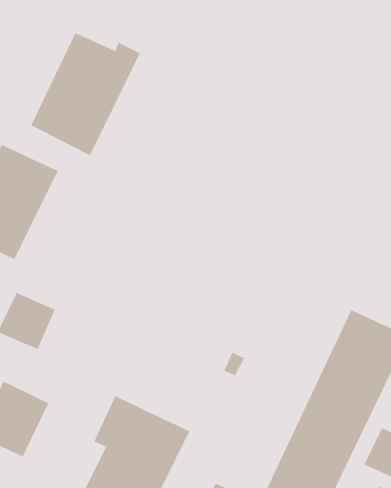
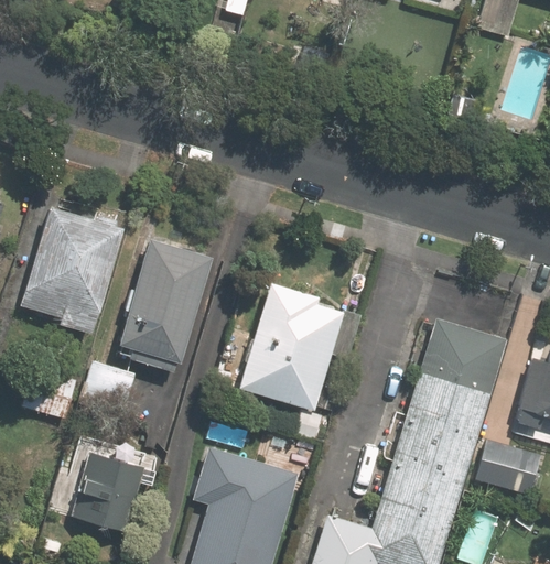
building: [31,32,141,156] -> none
building: none -> [120,243,204,371]
building: none -> [246,286,358,405]

